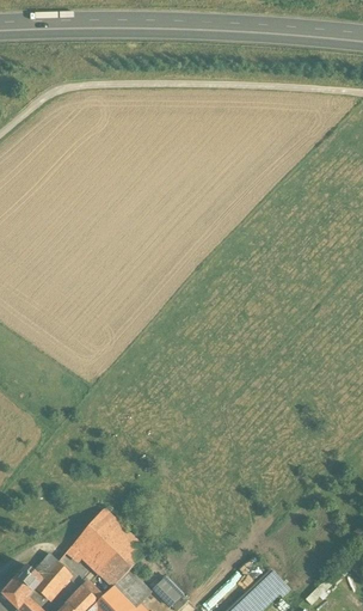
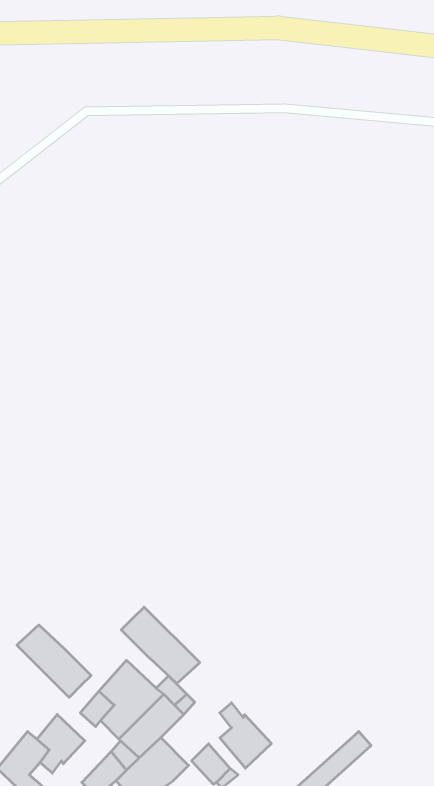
building: none -> [121,607,200,684]
building: none -> [17,625,91,697]
building: none -> [220,703,271,768]

